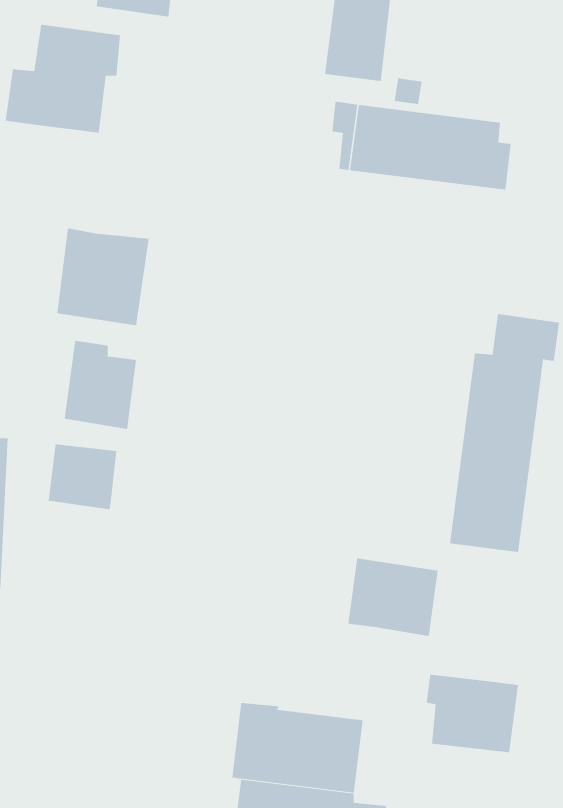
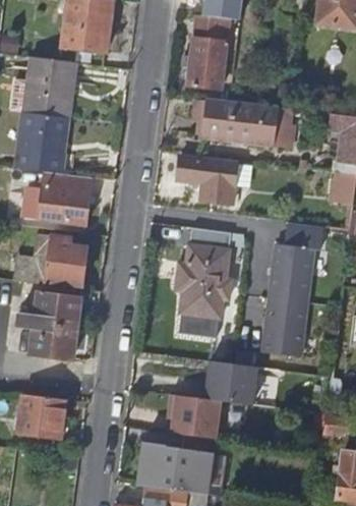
building: none -> [15,112,68,174]
building: none -> [178,155,253,202]
building: none -> [176,242,227,332]
building: none -> [32,327,69,359]
building: none -> [17,392,62,437]
building: [426,674,519,753] -> [168,393,221,438]

